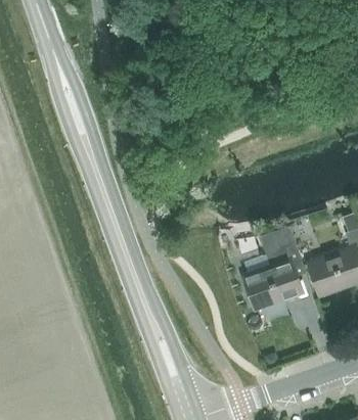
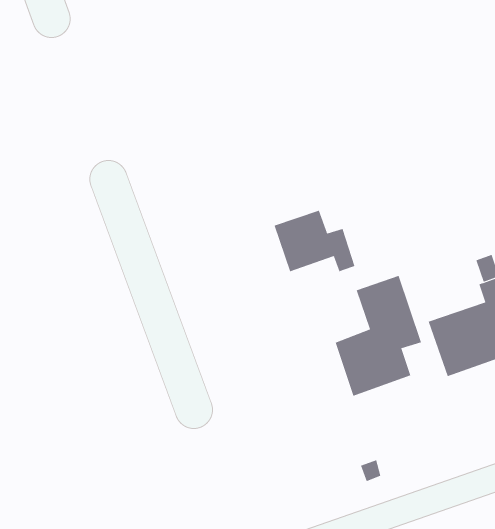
building: none -> [274,210,355,272]

